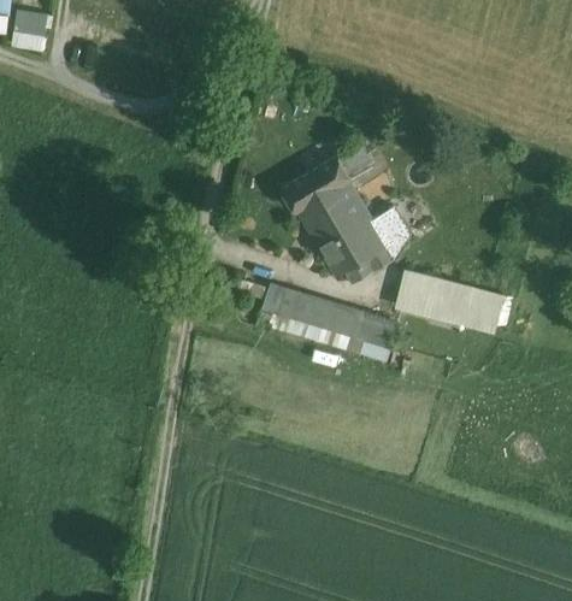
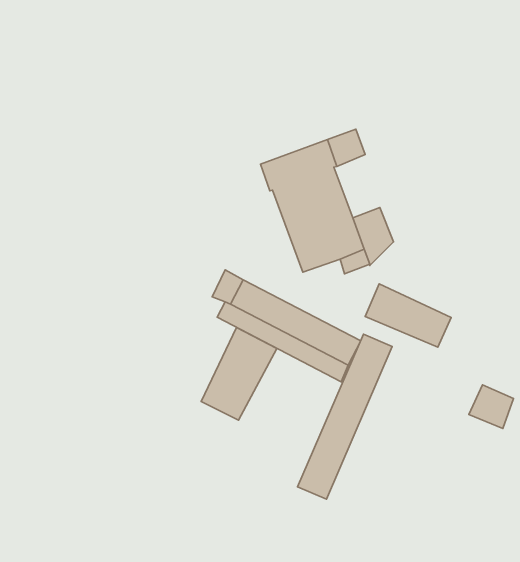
building: [464,289,500,324] -> [469,385,514,429]
building: none -> [298,334,392,499]
building: none -> [201,327,277,420]

